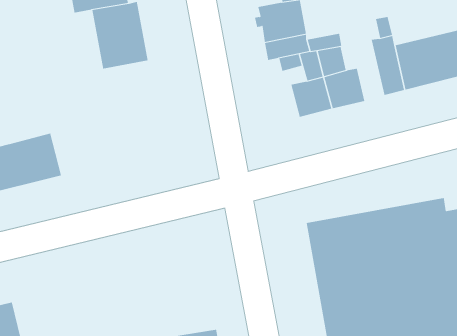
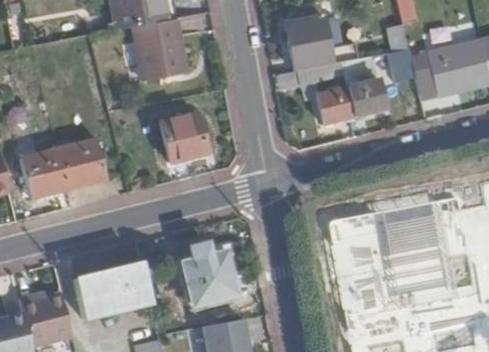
building: none -> [161,112,207,161]
building: none -> [183,253,237,307]
building: none -> [73,263,152,320]

